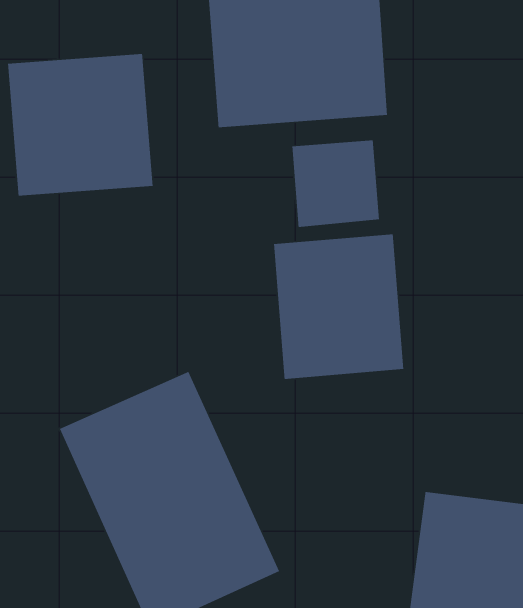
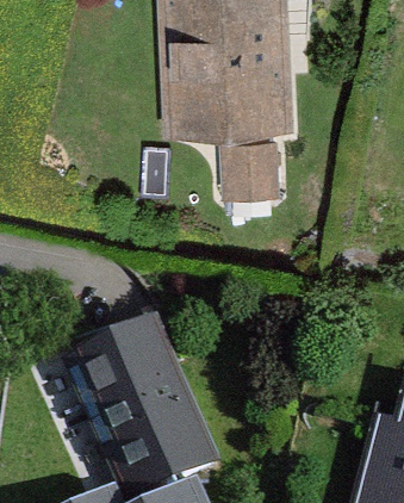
building: [7,53,153,197] -> none
building: [273,233,404,380] -> none

